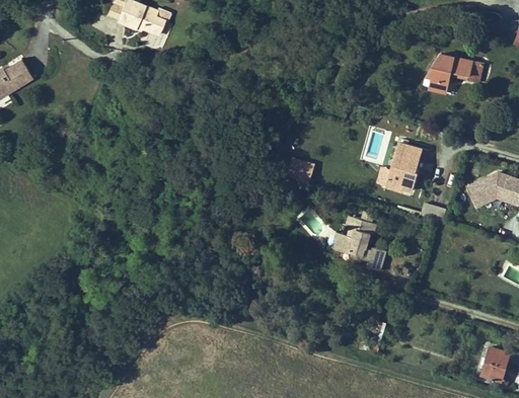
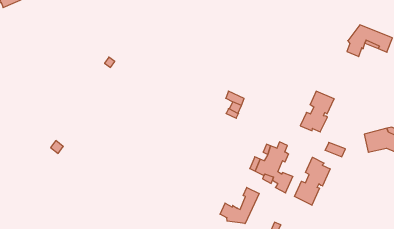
building: none -> [294,157,330,205]
building: none -> [220,187,259,224]

